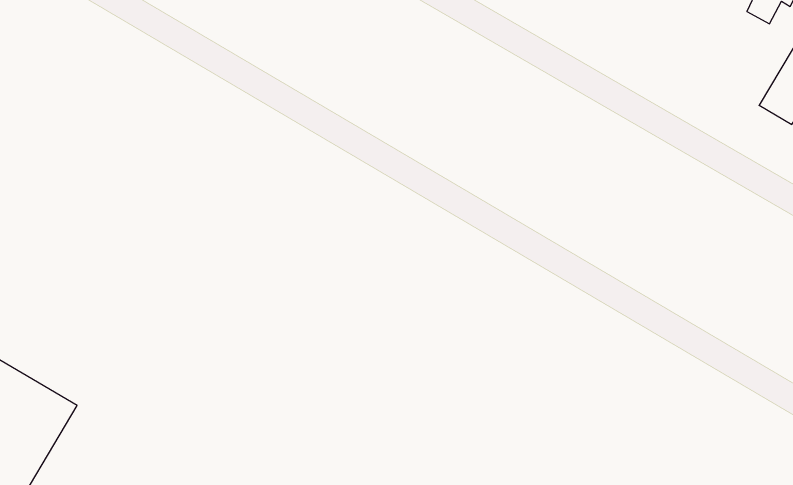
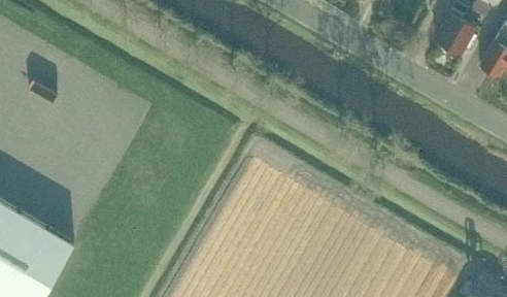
building: none -> [434,11,478,57]

